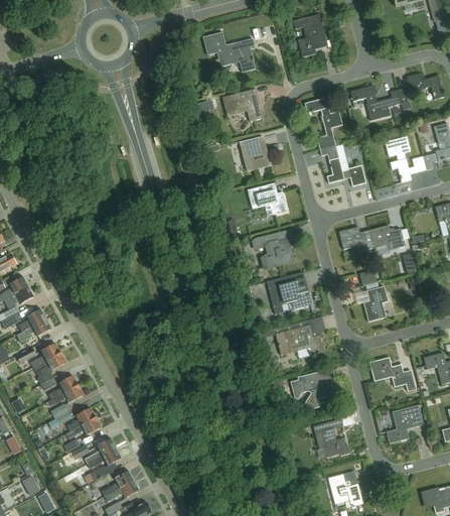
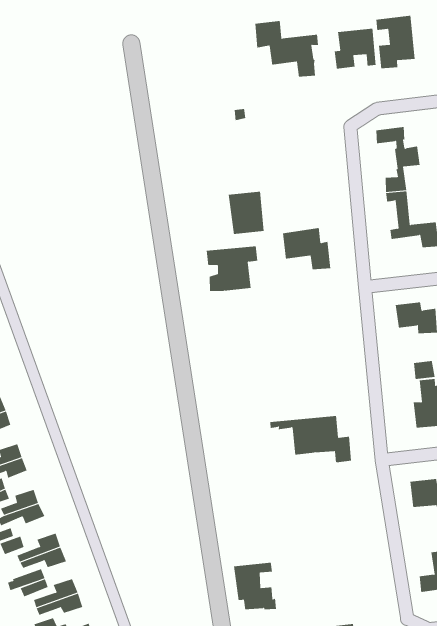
building: none -> [334,28,376,69]
building: [221,89,262,121] -> none
building: [239,136,270,171] -> [228,191,265,235]
building: [254,229,294,268] -> [206,246,258,292]
building: [266,272,311,309] -> none
building: [289,370,335,408] -> none
building: [312,419,349,458] -> [233,562,277,610]

